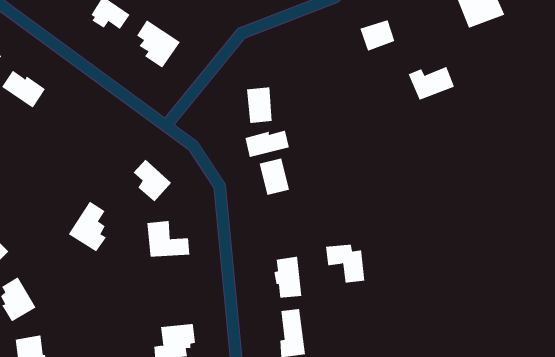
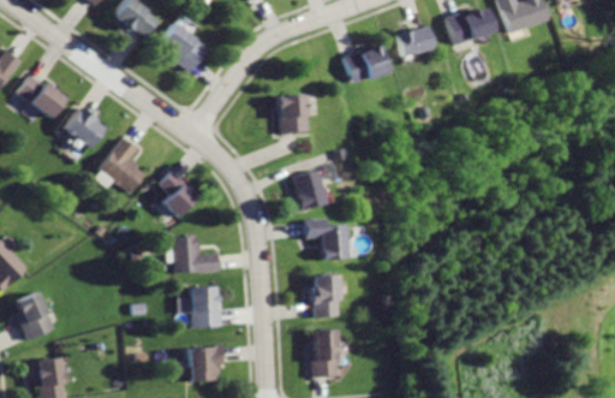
building: none -> [342,47,387,84]
building: [408,66,455,100] -> [446,8,495,44]
building: none -> [64,106,105,149]
building: [245,130,290,158] -> none
building: [68,201,107,252] -> [98,136,139,190]
building: [325,244,365,283] -> [298,218,340,259]
building: none -> [189,286,221,329]

